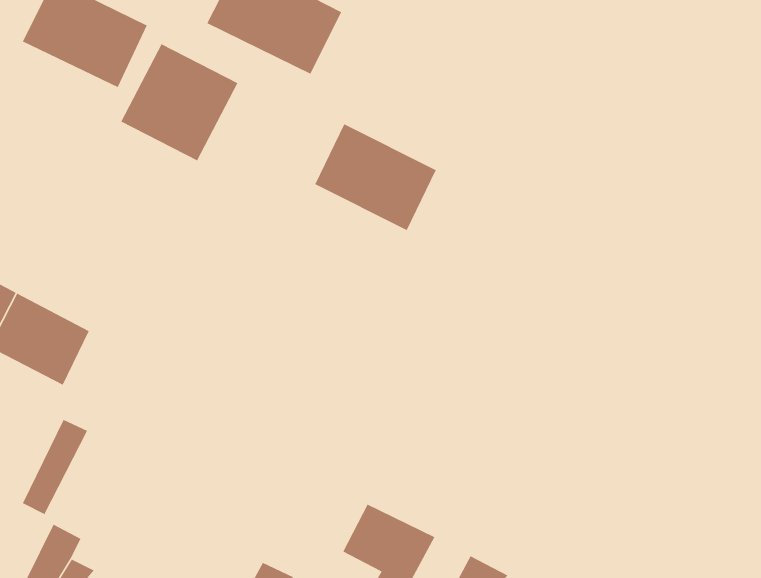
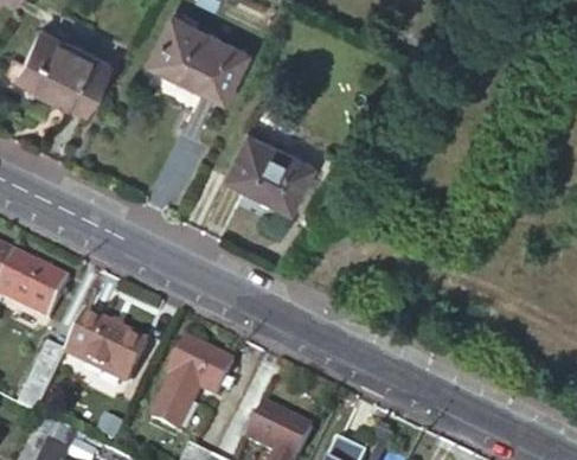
building: [120,43,239,161] -> none
building: none -> [65,312,147,383]
building: none -> [153,338,233,432]

